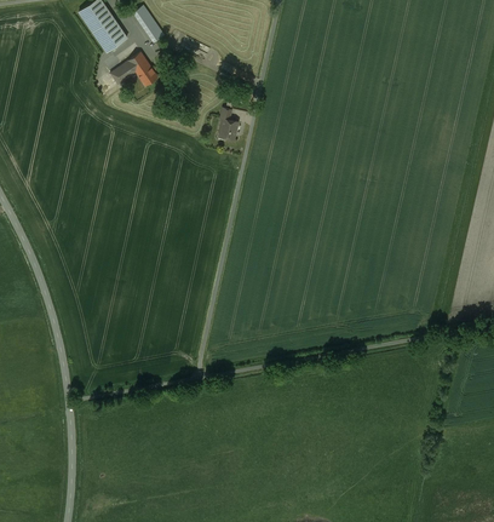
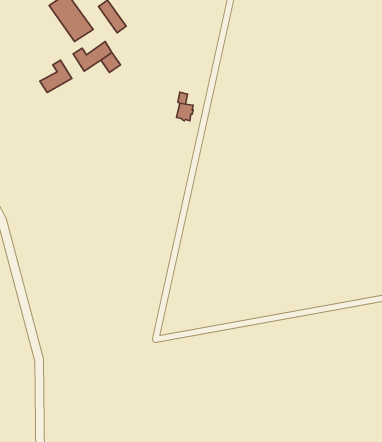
building: none -> [40,60,72,92]

